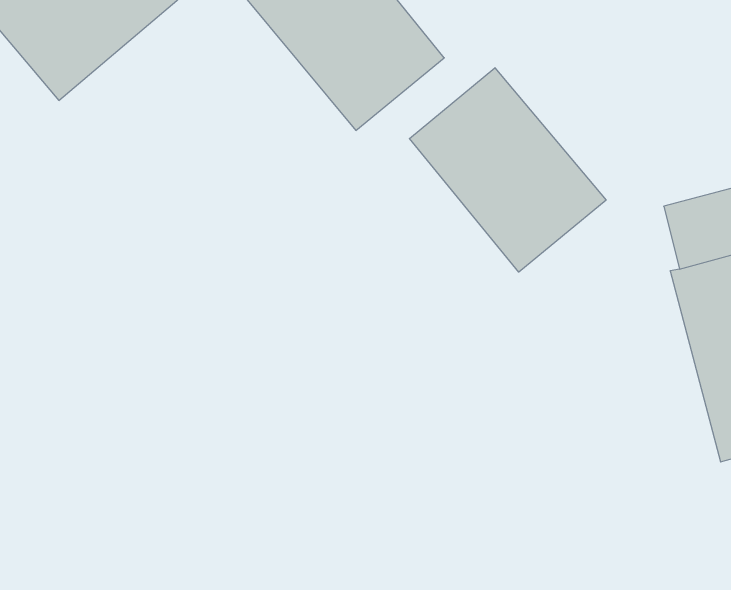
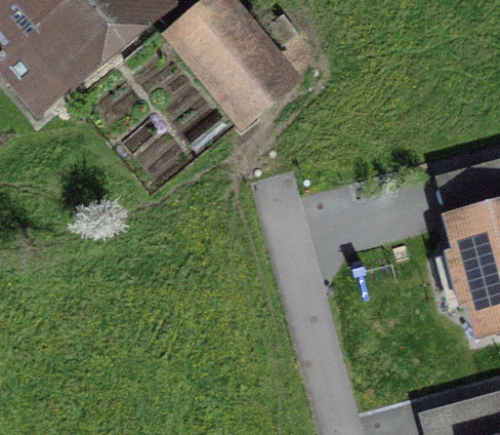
building: [409,68,606,272] -> none

